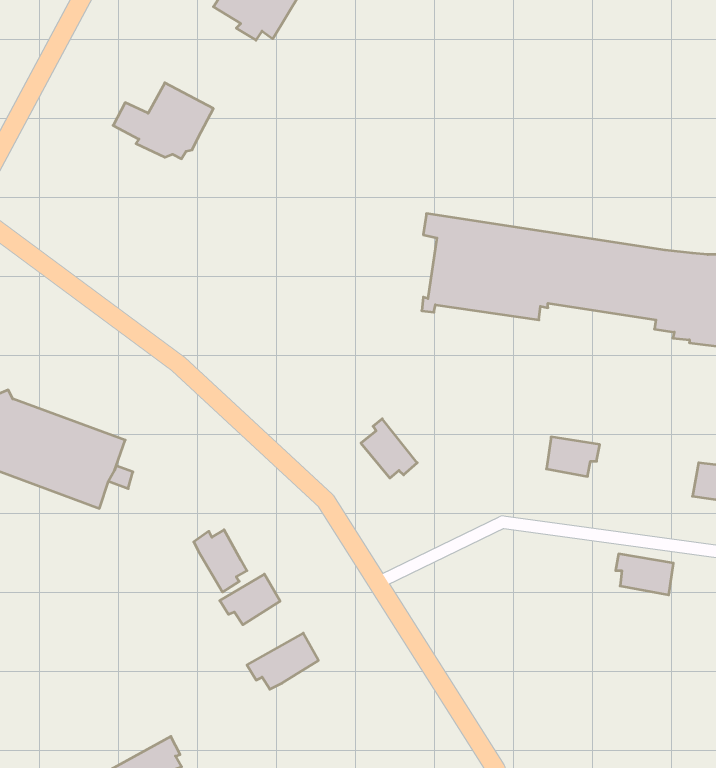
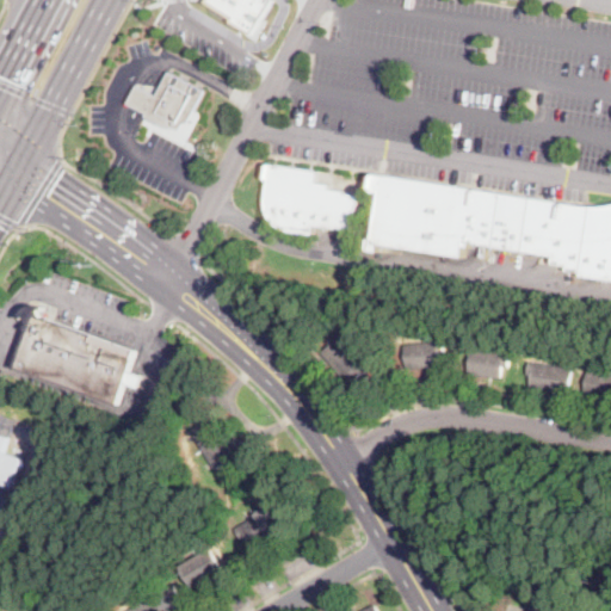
building: none -> [264,165,356,235]
building: none -> [400,341,438,370]
building: [616,554,673,595] -> [521,362,567,394]
building: [220,574,280,625] -> none
building: none -> [177,548,220,587]

